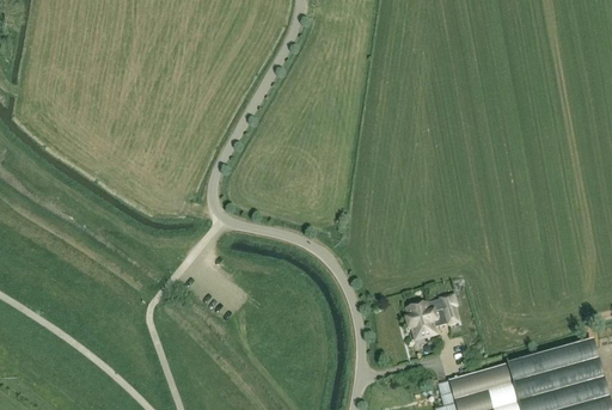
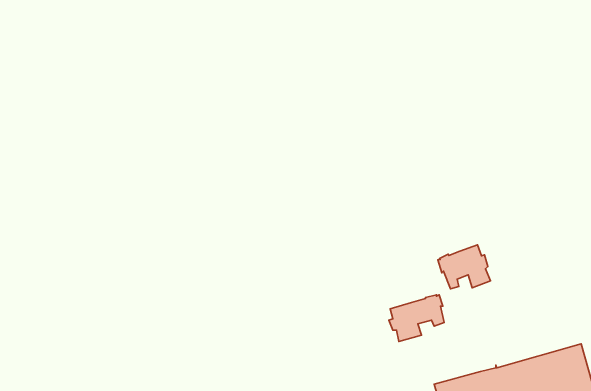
building: none -> [438,245,490,289]

